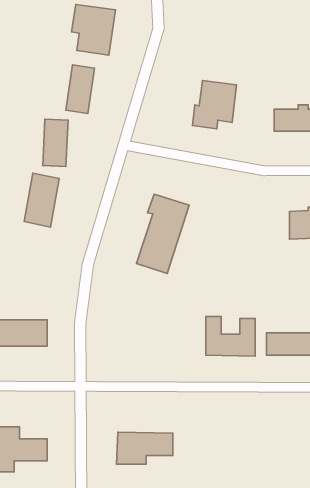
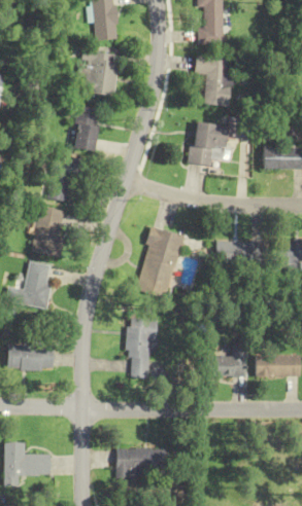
building: none -> [196,56,232,106]
building: none -> [215,241,267,265]
building: none -> [12,262,52,309]
building: none -> [126,318,156,377]

